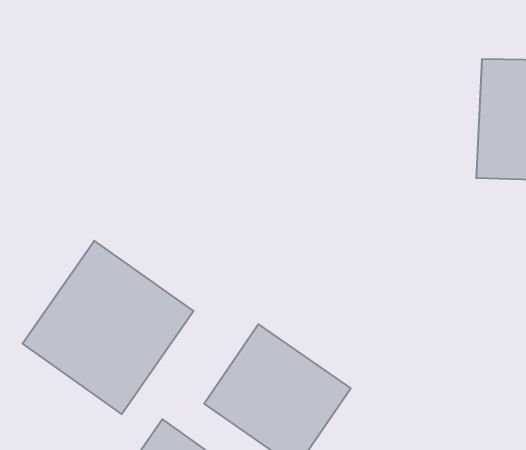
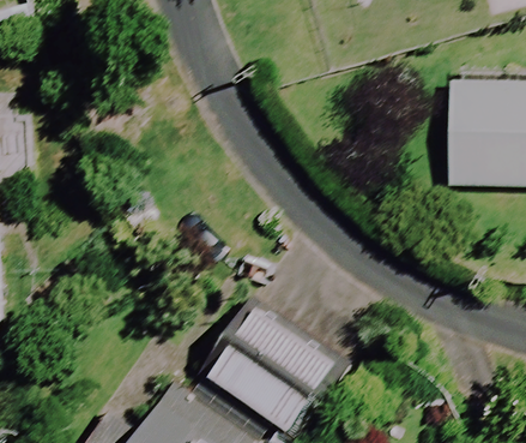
building: [22,241,194,414] -> none

